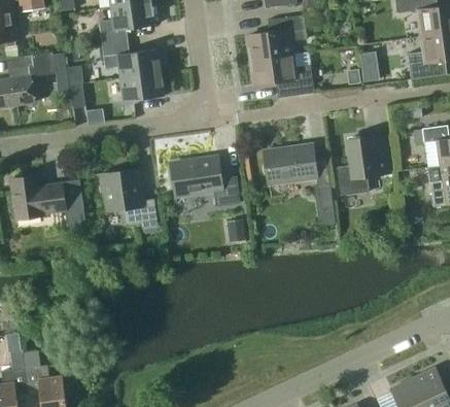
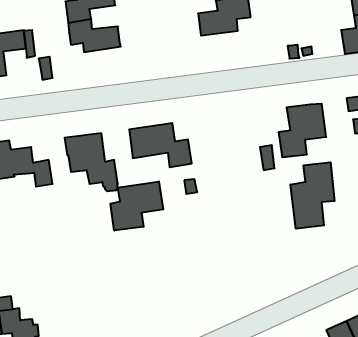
building: [250,54,313,97] -> none
building: [119,71,164,101] -> none
building: [264,144,316,183] -> none
building: none -> [290,162,335,229]
building: none -> [110,181,163,231]

